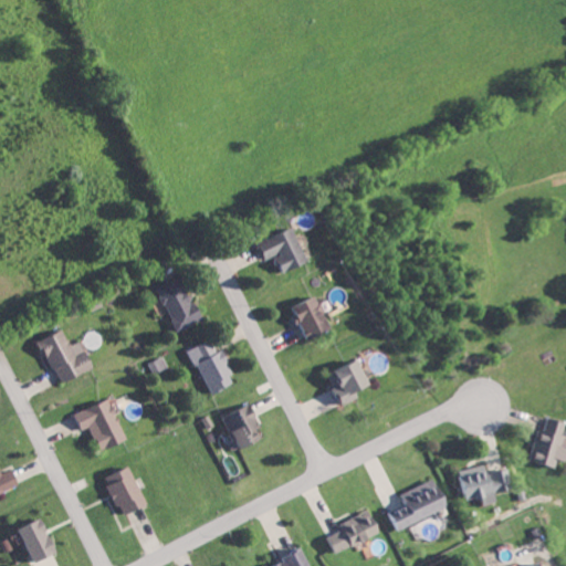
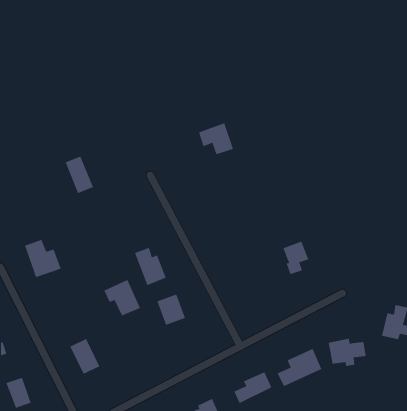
building: [255,228,304,272] -> [198,122,234,155]
building: [159,280,199,332] -> [65,156,94,194]
building: [289,295,327,339] -> none
building: [328,359,365,406] -> [283,241,309,275]
building: [74,399,125,450] -> [104,279,141,316]

